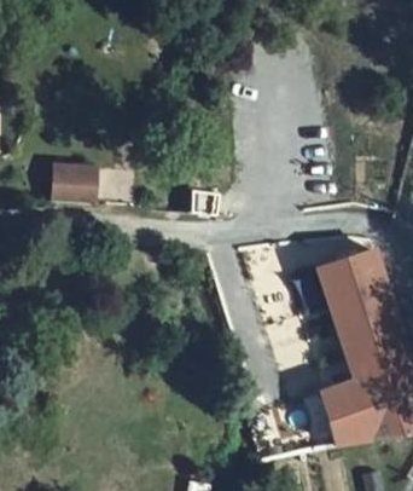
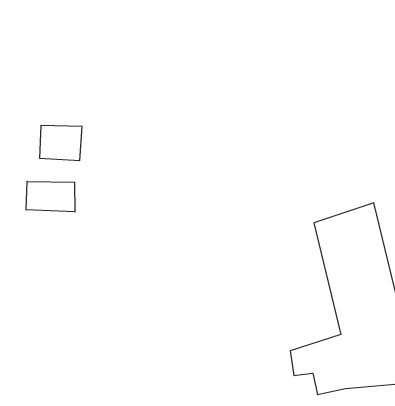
building: none -> [26,181,75,212]

